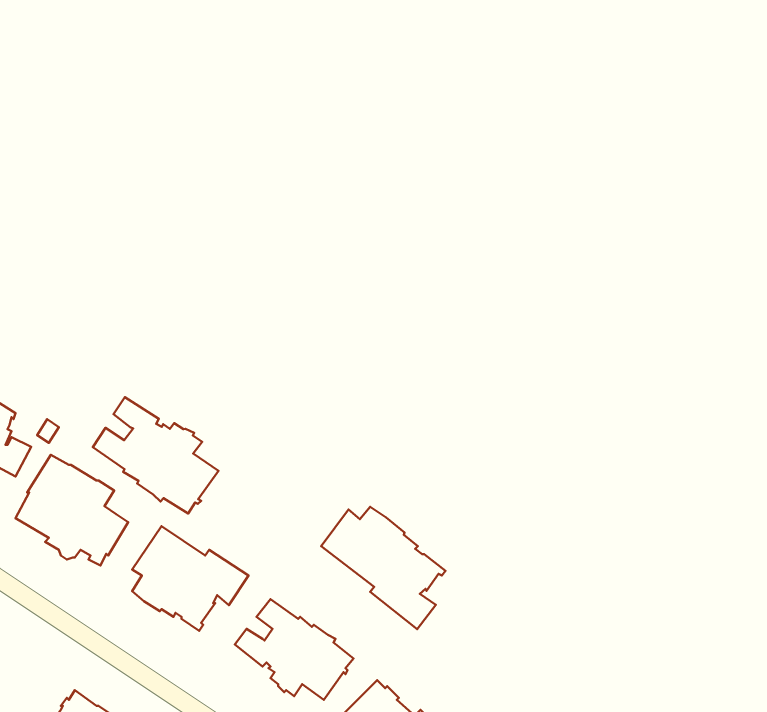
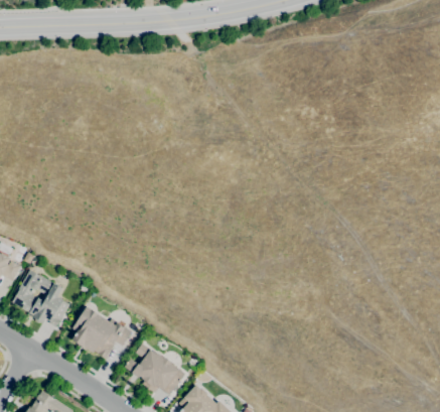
building: [93,397,219,514] -> none
building: [321,507,445,629] -> none

